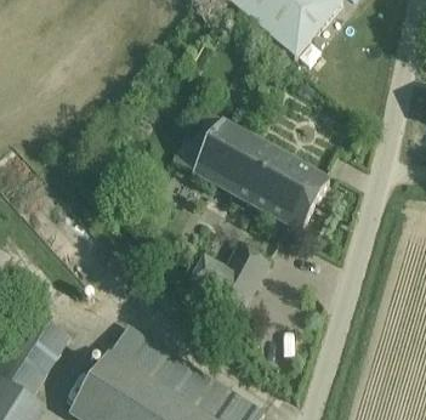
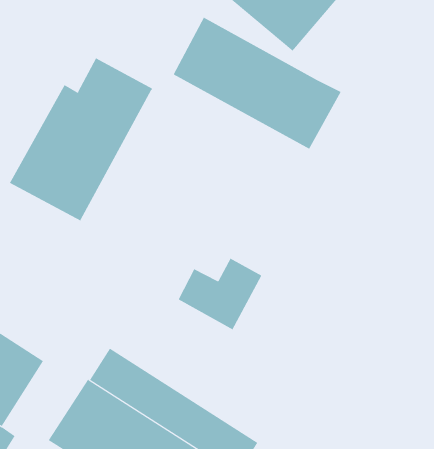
building: none -> [9,58,153,222]
building: [175,110,328,231] -> [173,17,342,149]

